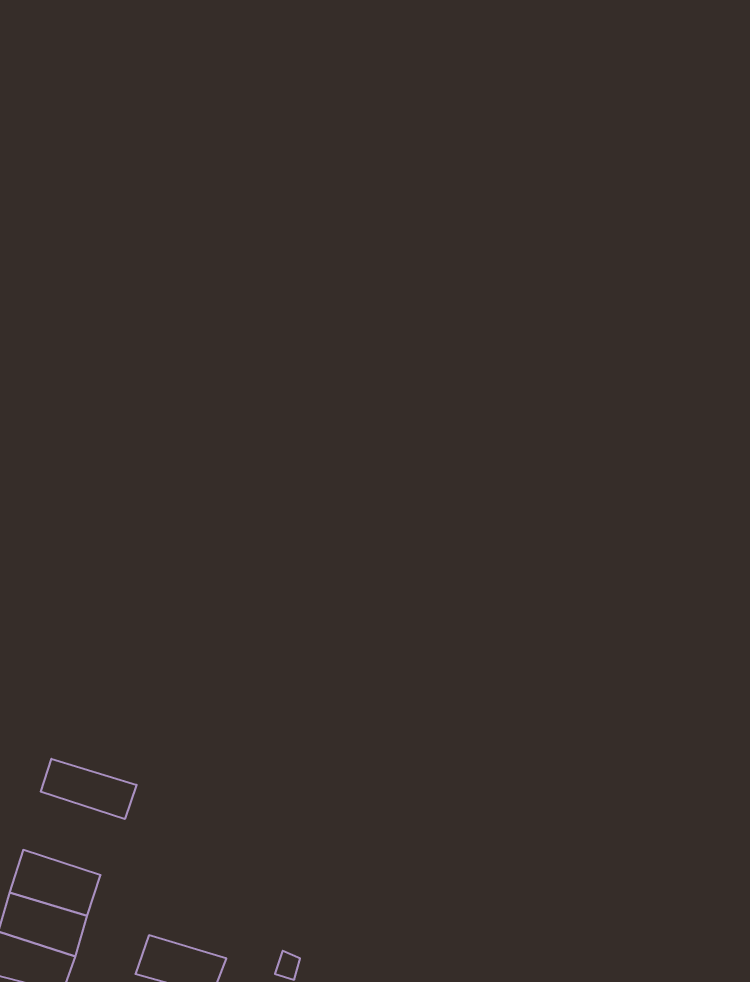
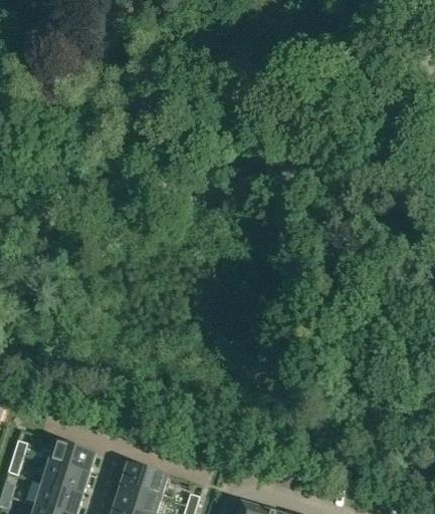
building: [41,759,137,819] -> none
building: none -> [119,466,166,500]

